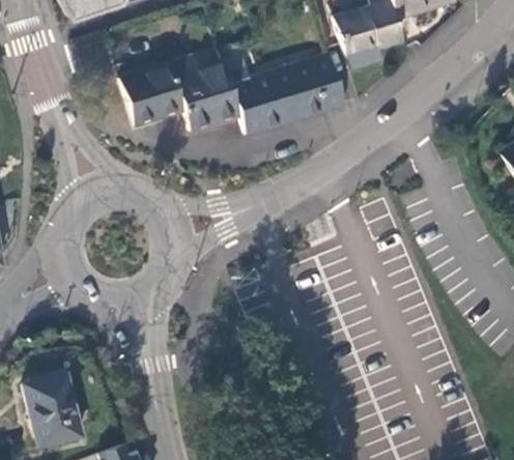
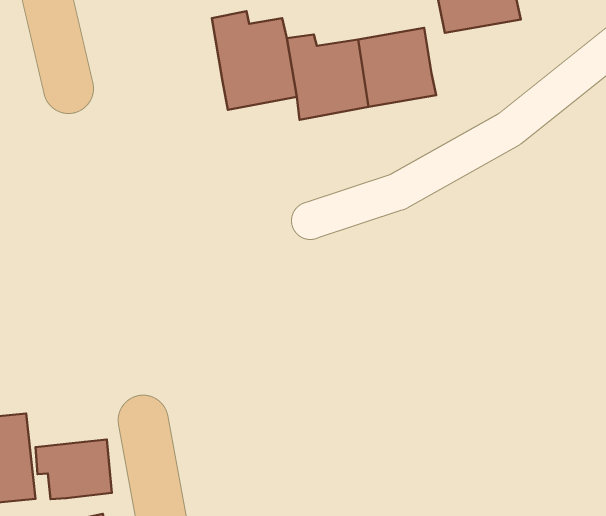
building: [122,66,184,126] -> none
building: none -> [35,439,112,499]

